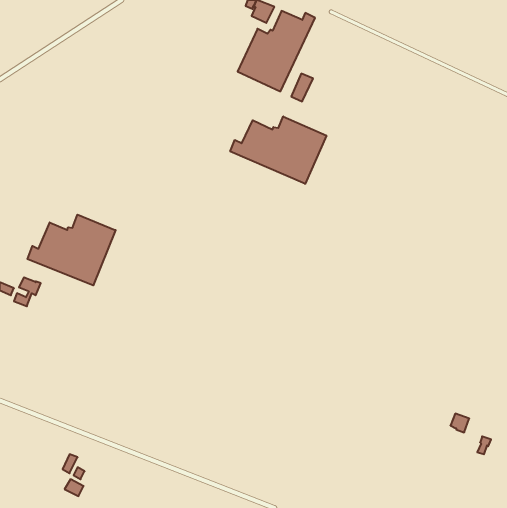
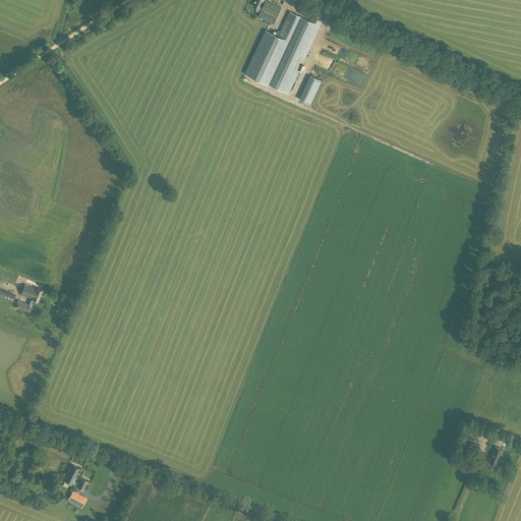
building: [230,116,326,184] -> none
building: [27,215,116,285] -> none

